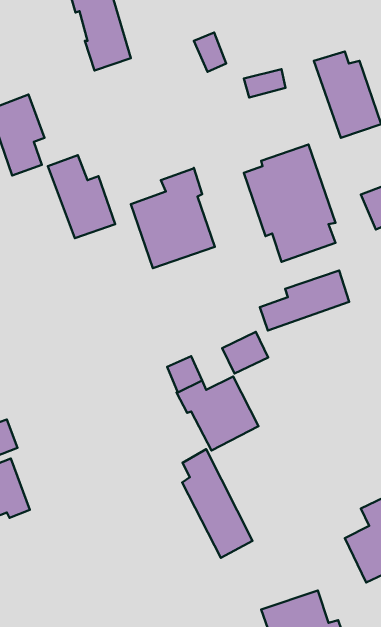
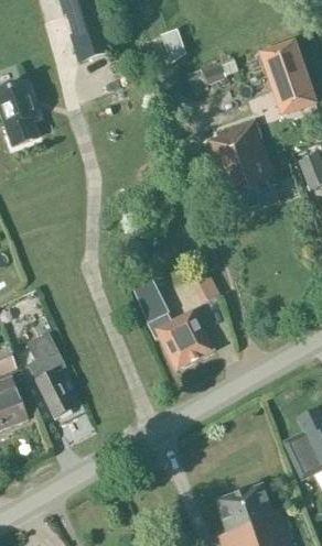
building: [48,155,115,238] -> none
building: [131,168,215,268] -> none
building: [260,271,349,331] -> none
building: none -> [26,332,75,417]
building: [182,449,253,558] -> none

